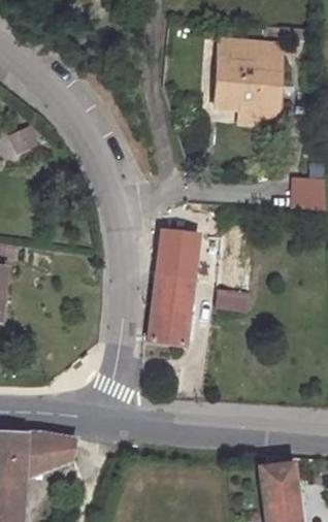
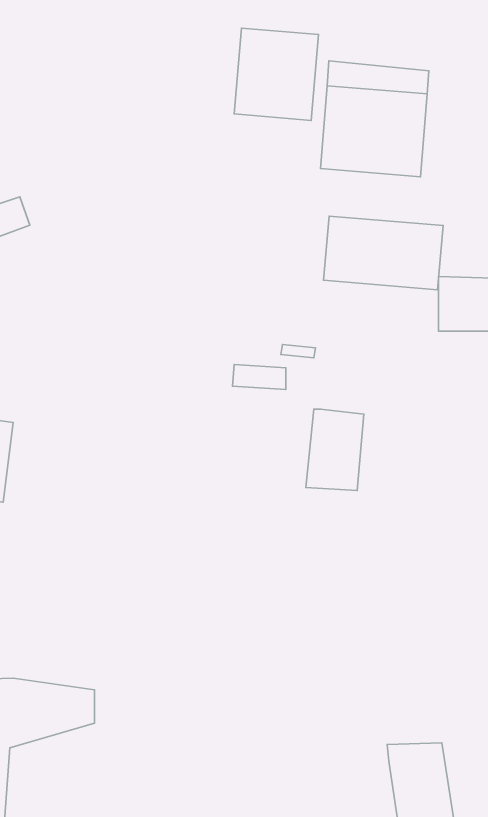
building: none -> [234,28,319,120]
building: none -> [324,216,443,290]
building: [142,247,189,346] -> none

